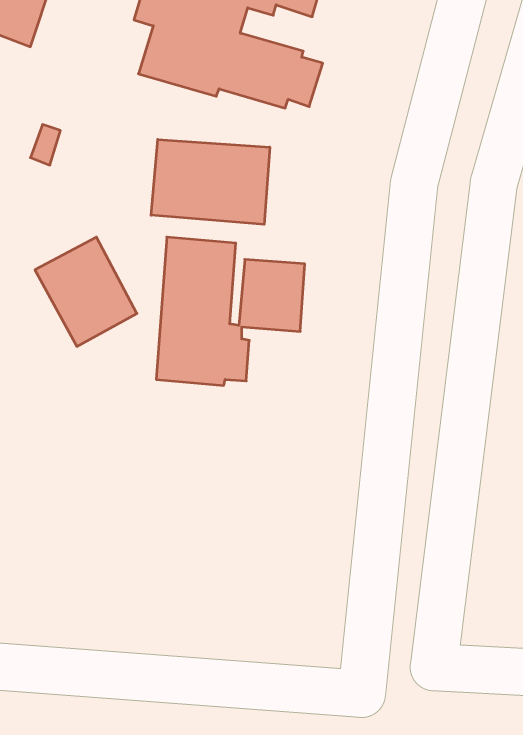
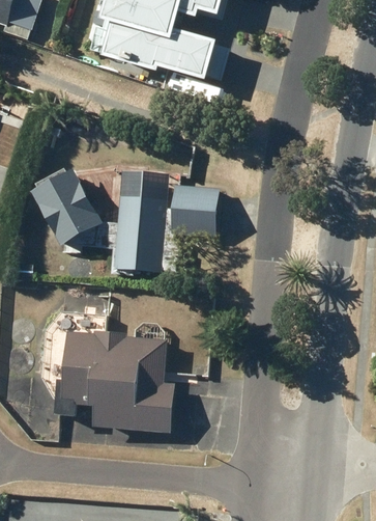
building: [151,139,270,224] -> none
building: none -> [54,331,172,433]

